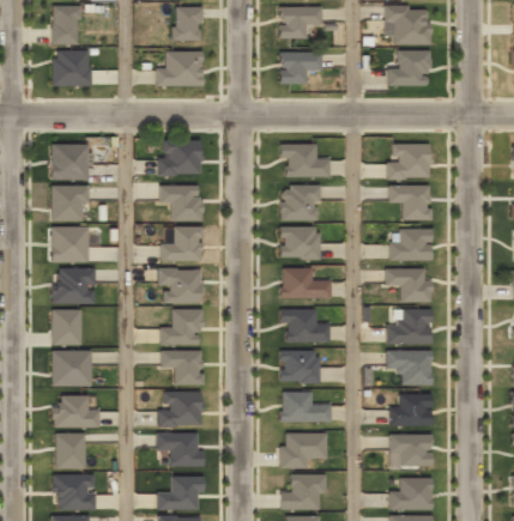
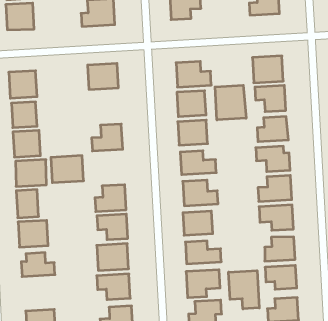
building: none -> [215,85,246,120]
building: [159,184,202,219] -> none
building: [159,268,202,303] -> [51,156,84,183]
building: [56,434,86,469] -> none
building: none -> [229,271,259,309]

